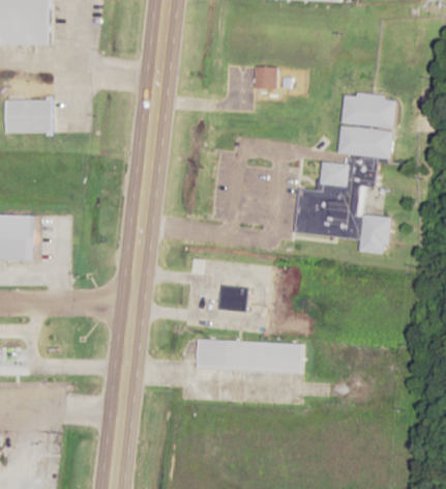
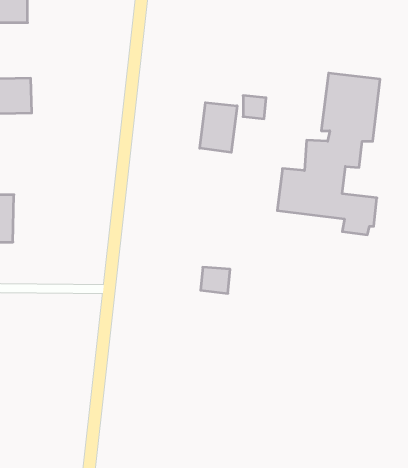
building: [255,65,277,88] -> [243,96,266,119]
building: none -> [200,103,237,152]
building: [197,339,302,373] -> none

